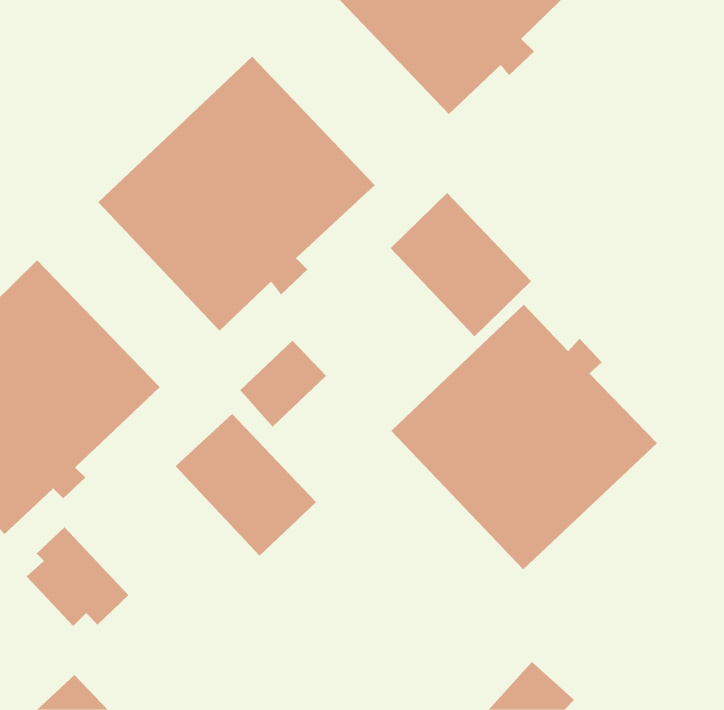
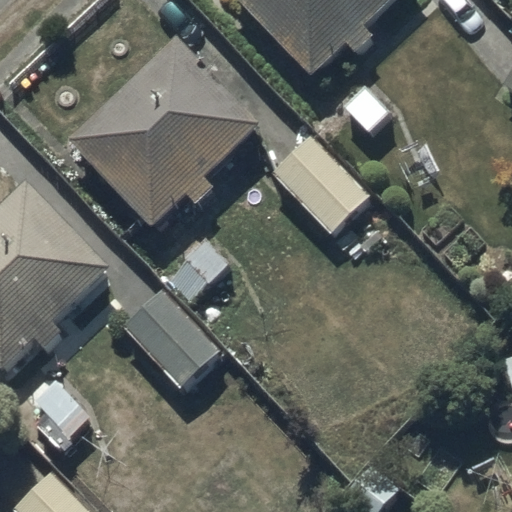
building: [391,304,658,570] -> none

